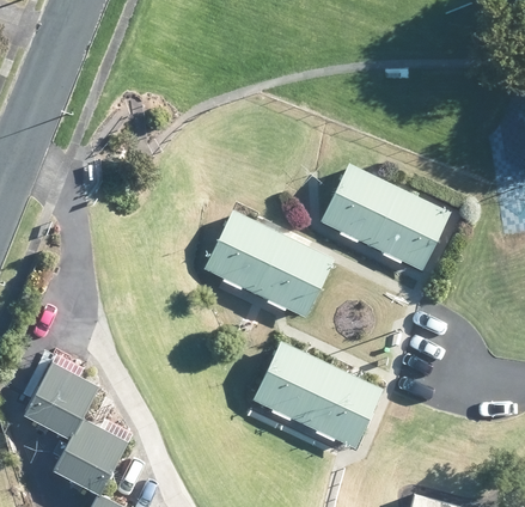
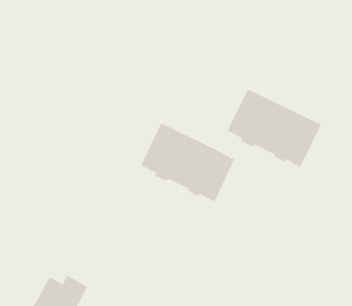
building: [252,342,383,448] -> none
building: [23,354,97,441] -> none

